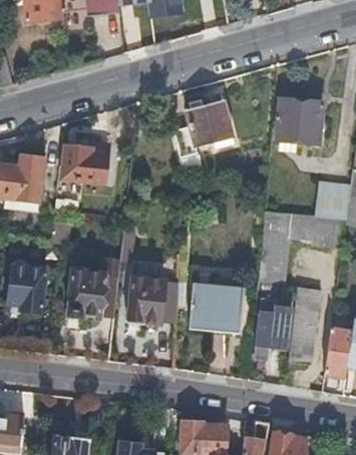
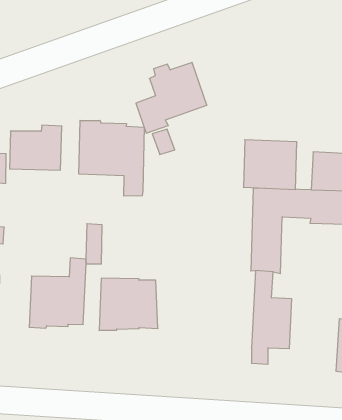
building: [276,99,324,144] -> [243,140,297,189]
building: none -> [79,120,144,196]
building: [189,284,243,333] -> none
building: [289,286,321,363] -> none

